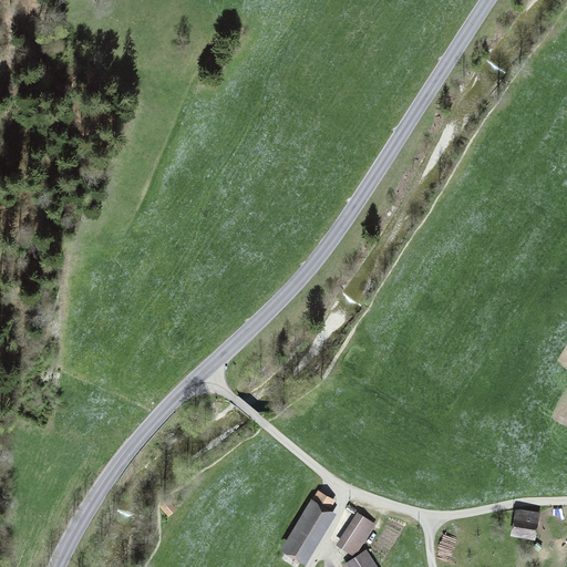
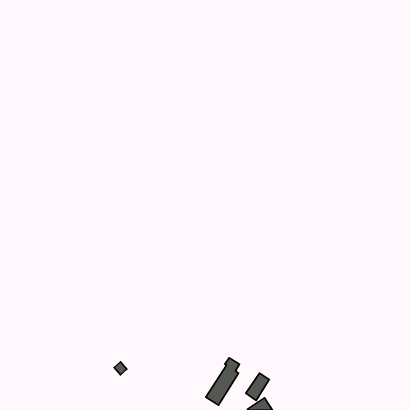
building: [515,511,536,538] -> none

